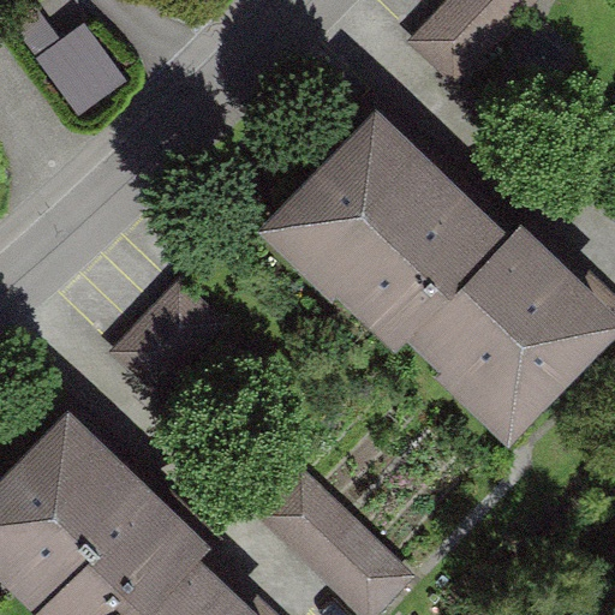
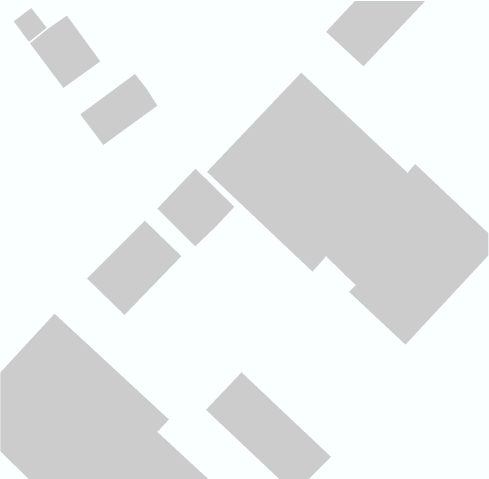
building: none -> [79,73,159,146]
building: none -> [156,168,235,247]

